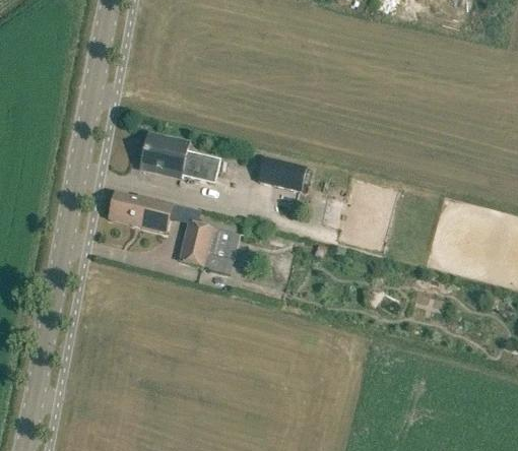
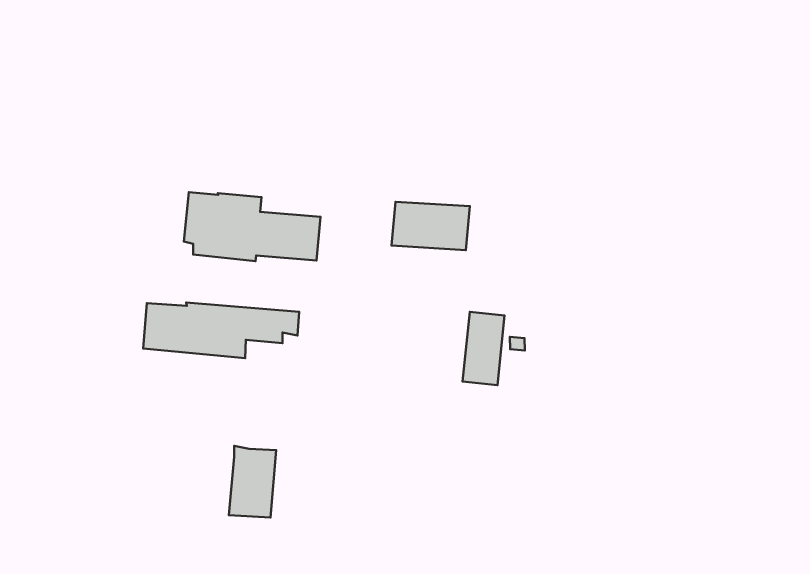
building: [179,220,211,264] -> [229,446,276,518]
building: [209,228,239,271] -> [463,312,505,385]

